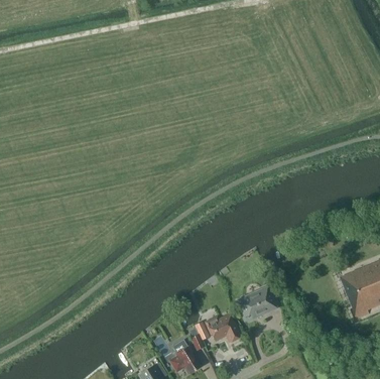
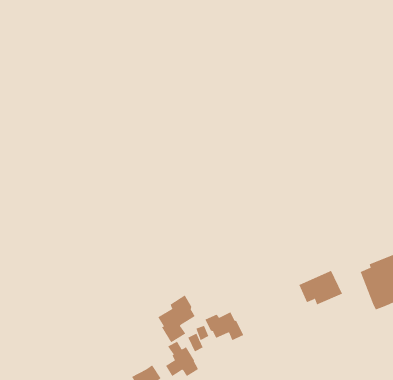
building: [237,287,276,319] -> [299,270,343,305]
building: none -> [157,295,196,343]

